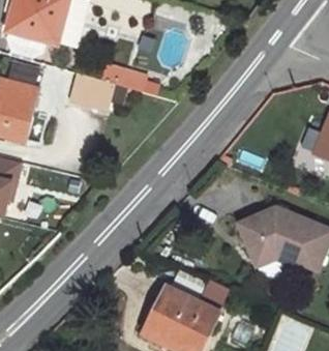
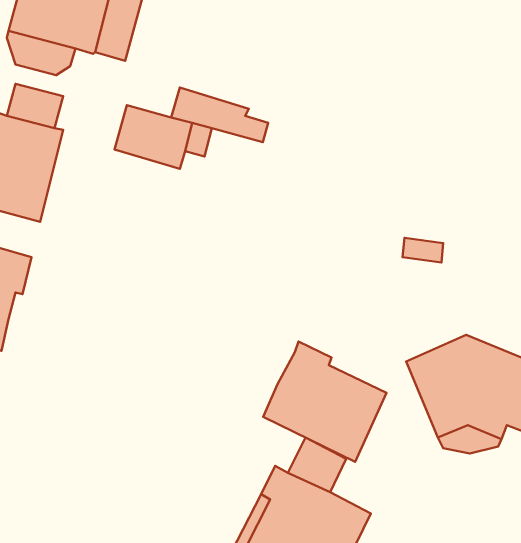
building: none -> [263,342,387,462]

